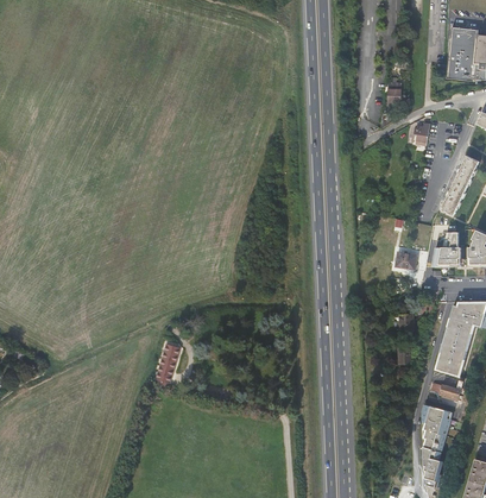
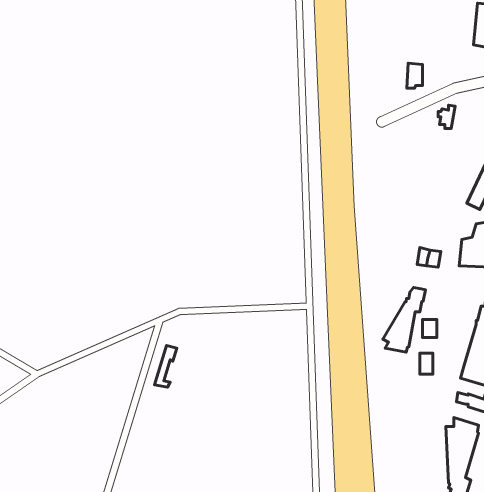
building: none -> [383,287,425,352]

